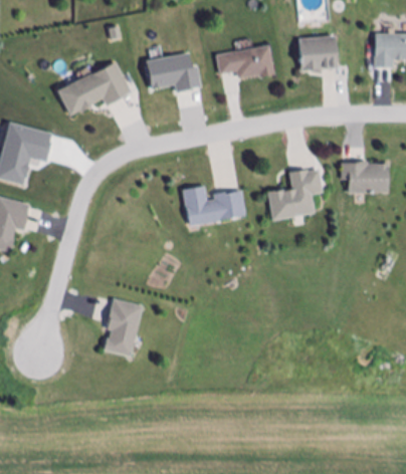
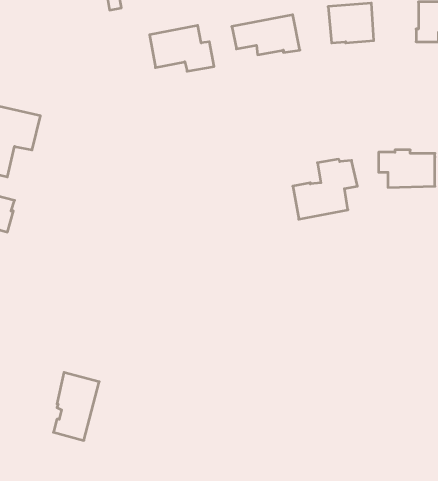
building: [57,61,131,114] -> none
building: [182,186,246,226] -> none
building: [105,299,144,358] -> [53,372,99,440]

